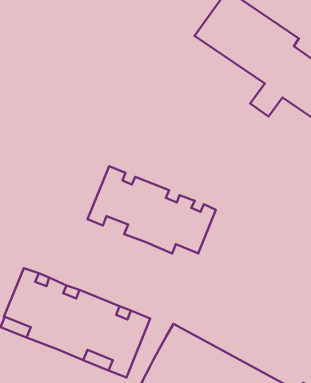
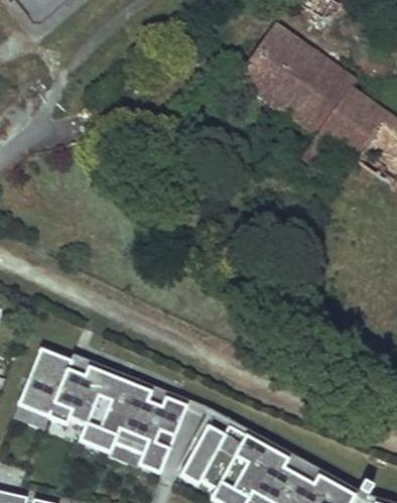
building: [88,166,216,254] -> none

